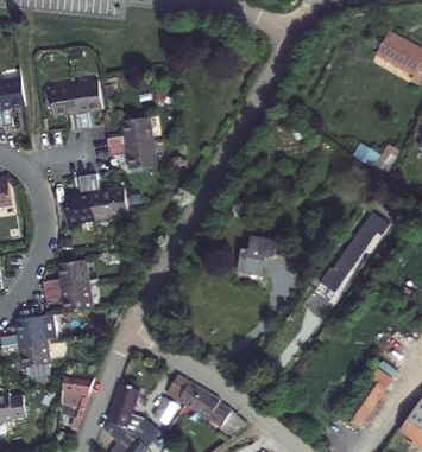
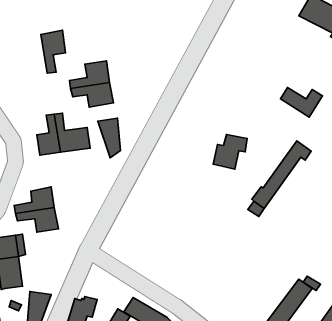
building: [51,82,82,129] -> none
building: none -> [98,118,120,158]
building: [226,236,265,276] -> [213,134,247,169]

